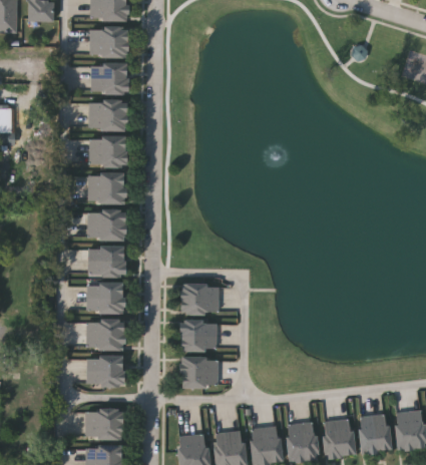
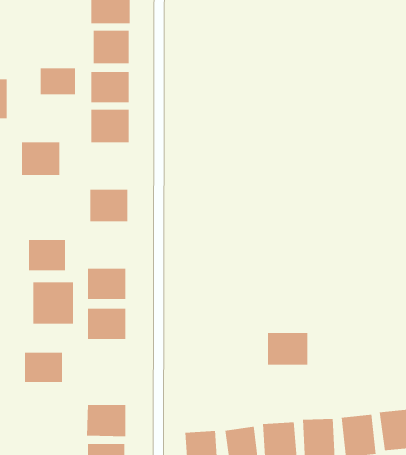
building: none -> [40,67,75,95]
building: [89,173,125,204] -> [21,142,60,176]
building: [89,247,124,276] -> [28,239,66,271]
building: [180,284,220,315] -> none
building: none -> [33,281,73,325]
building: [179,321,218,352] -> none
building: [87,357,123,385] -> [24,352,63,383]
building: [180,358,219,388] -> [267,333,308,365]

